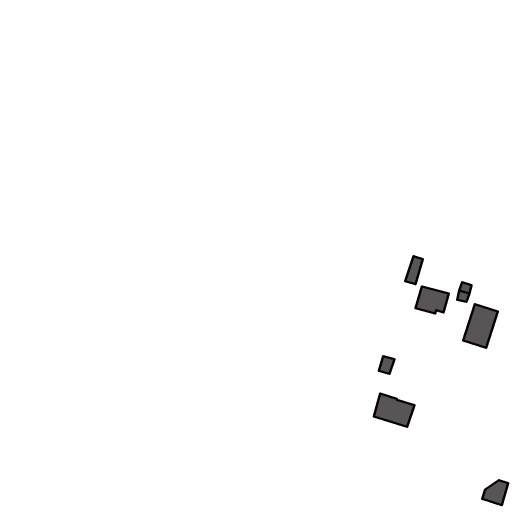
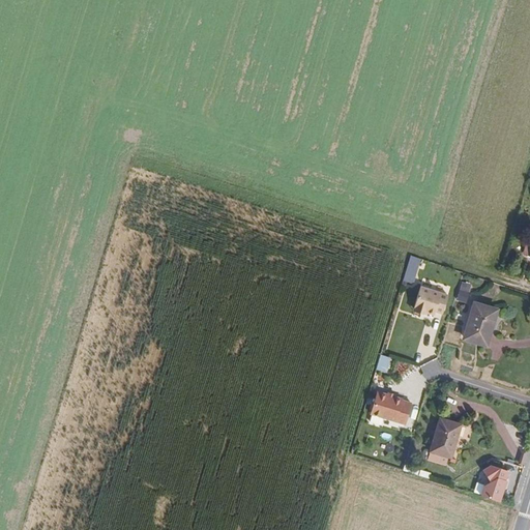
building: none -> [431,415,461,455]

